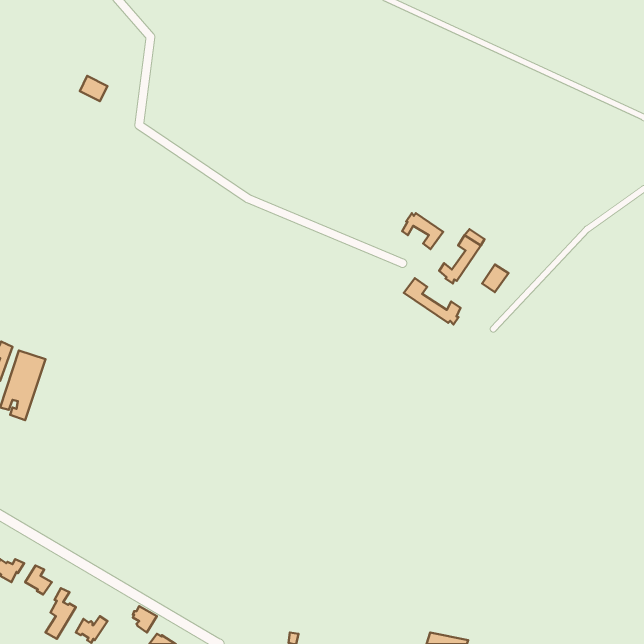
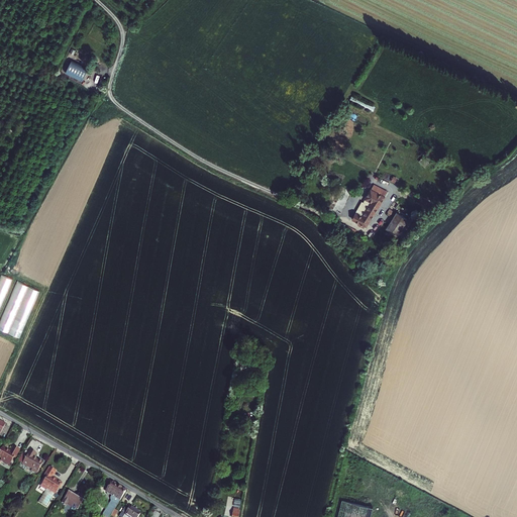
building: [402,213,443,249] -> none
building: [404,278,461,324] -> none

